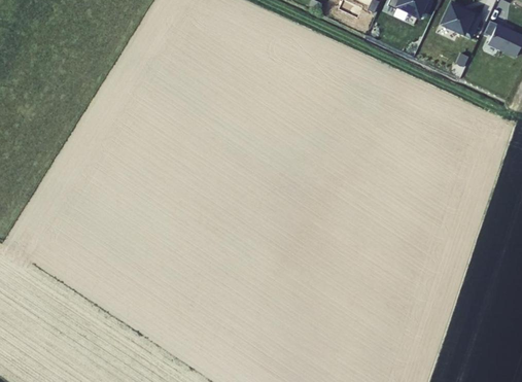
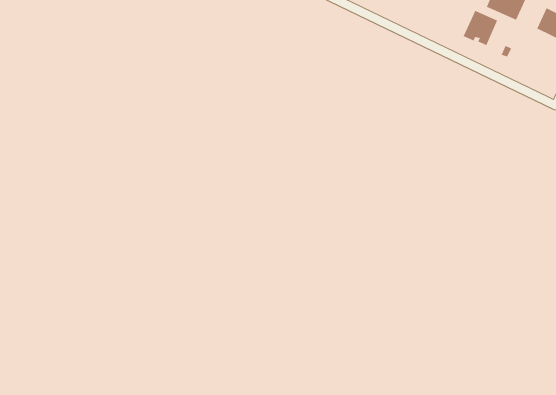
building: none -> [463,10,498,46]

